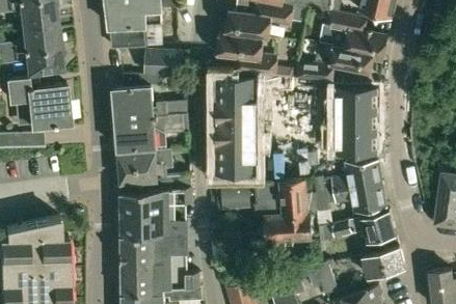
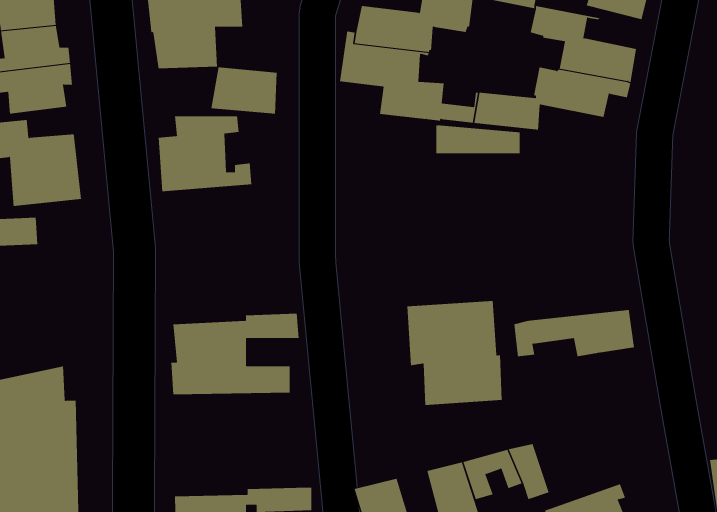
building: [213,76,257,173] -> none
building: [332,88,376,155] -> none
building: [114,113,188,149] -> none
building: [117,150,191,190] -> none
building: [323,161,382,192] -> none
building: [220,185,249,208] -> none
building: [318,210,395,242] -> none
building: [120,233,198,293] -> none
building: [361,248,404,277] -> none

